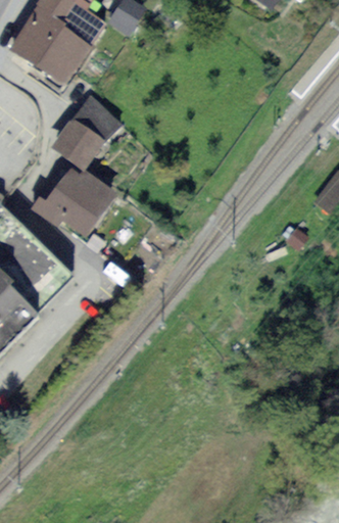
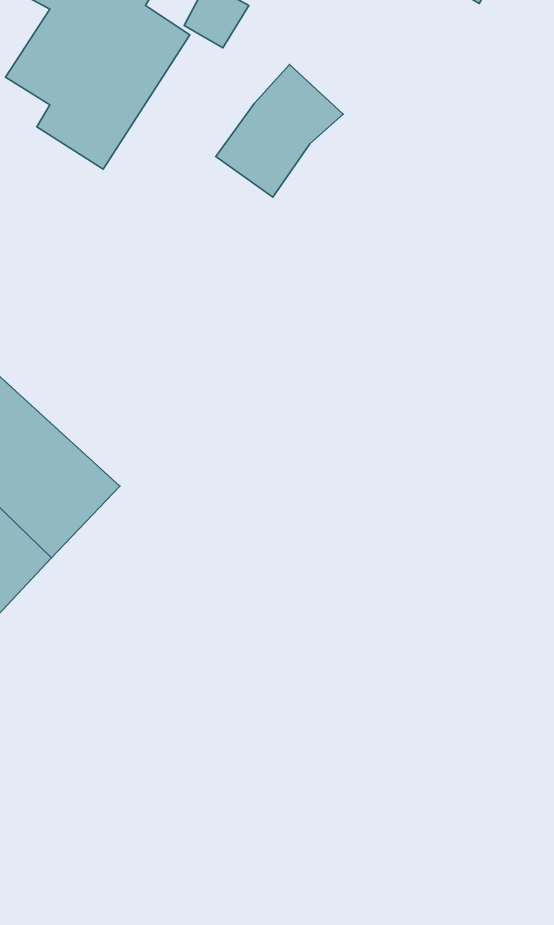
building: [50,94,120,168] -> [216,65,343,197]
building: [33,165,109,233] -> none

